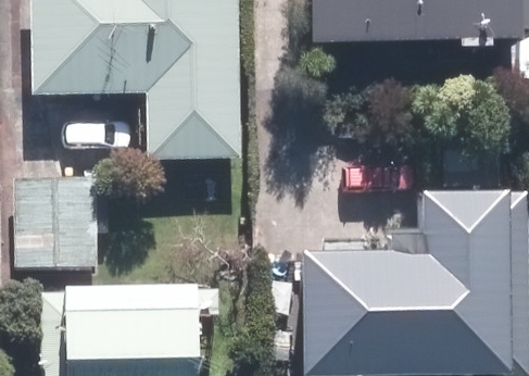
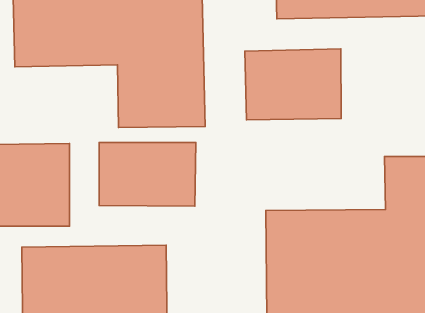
building: none -> [245,49,341,120]
building: none -> [99,143,196,206]

